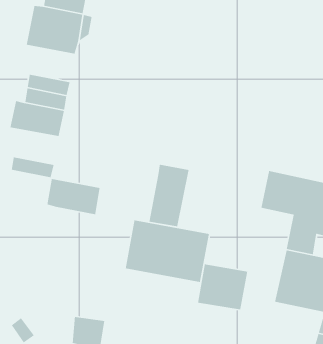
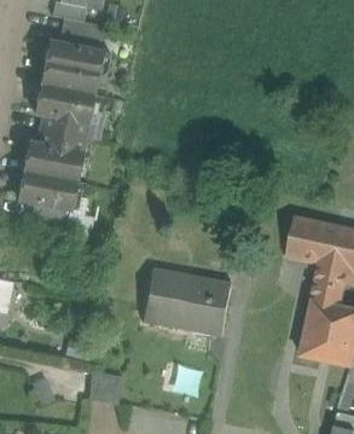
building: none -> [34,85,91,123]
building: [149,164,189,227] -> none
building: [46,178,101,215] -> [17,172,74,210]
building: [197,264,248,311] -> none

